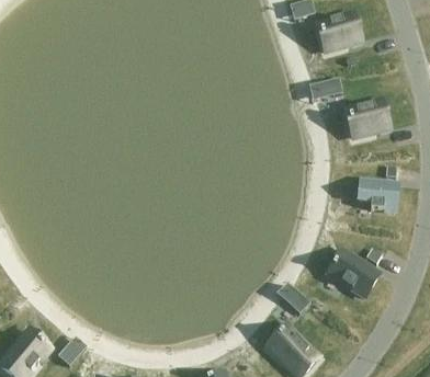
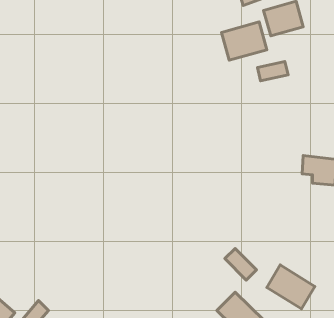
building: none -> [221,22,267,60]
building: [346,100,388,136] -> none
building: [327,249,378,296] -> [267,265,315,309]

